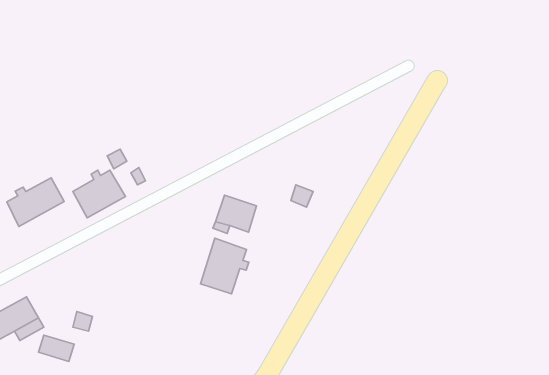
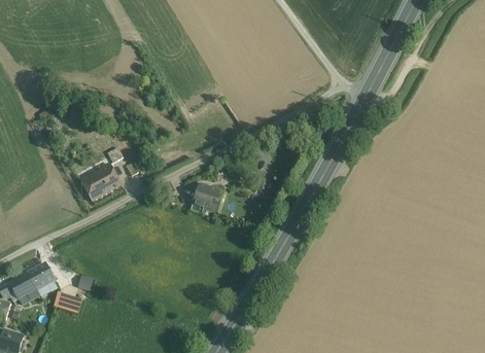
building: [7,178,64,226] -> none
building: [200,238,249,294] -> none

